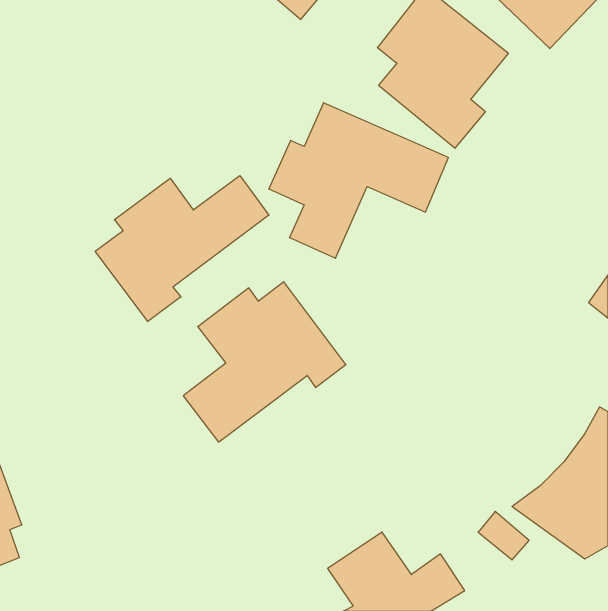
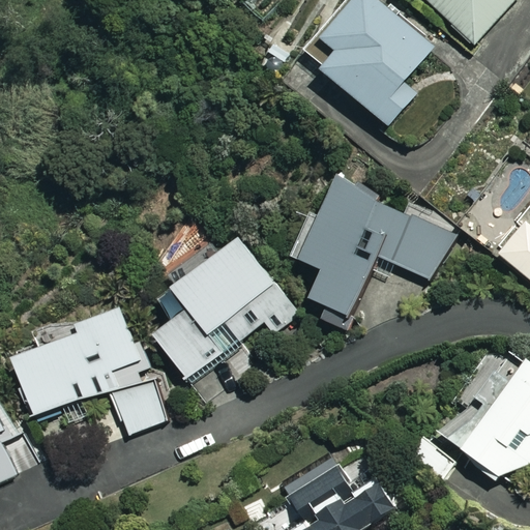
building: [269,103,448,258] -> [291,183,444,316]
building: [95,176,269,322] -> none
building: none -> [16,308,165,432]

